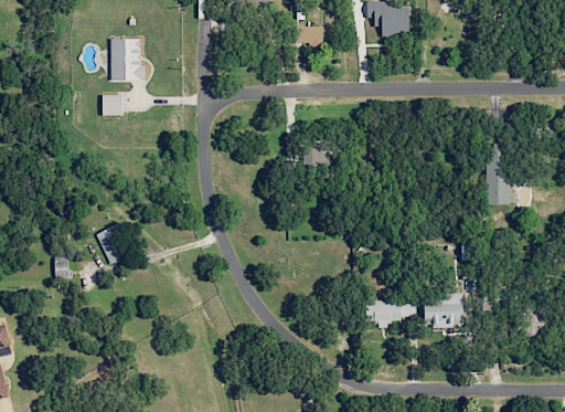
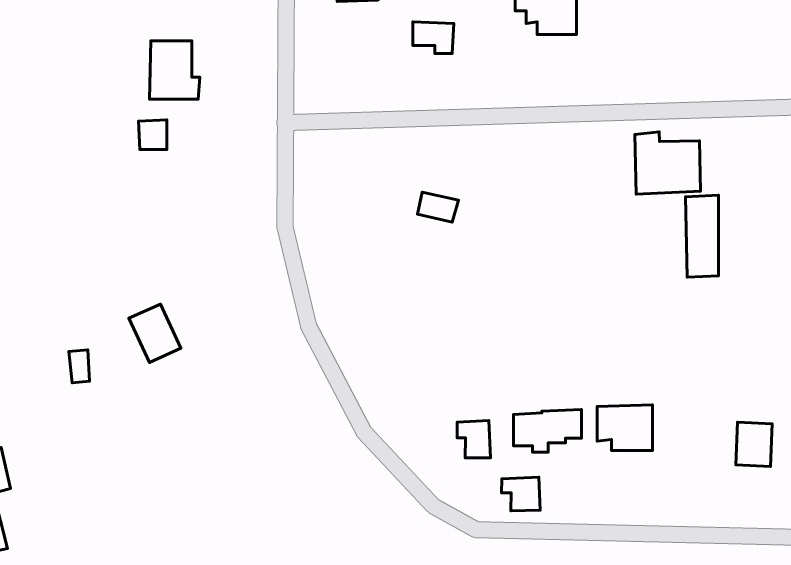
building: none -> [635,132,700,194]
building: none -> [457,420,490,458]
building: none -> [502,477,540,511]

